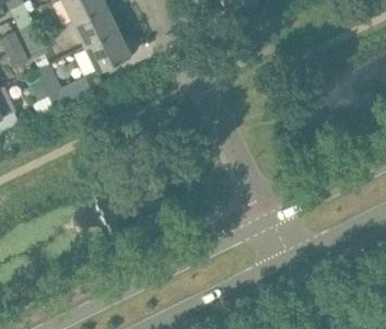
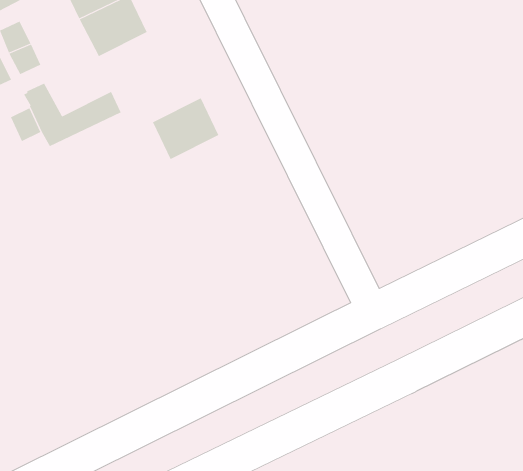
building: [86,32,131,73] -> [152,98,219,160]

